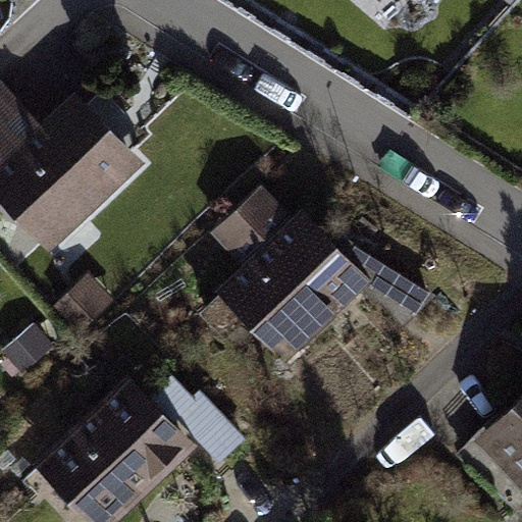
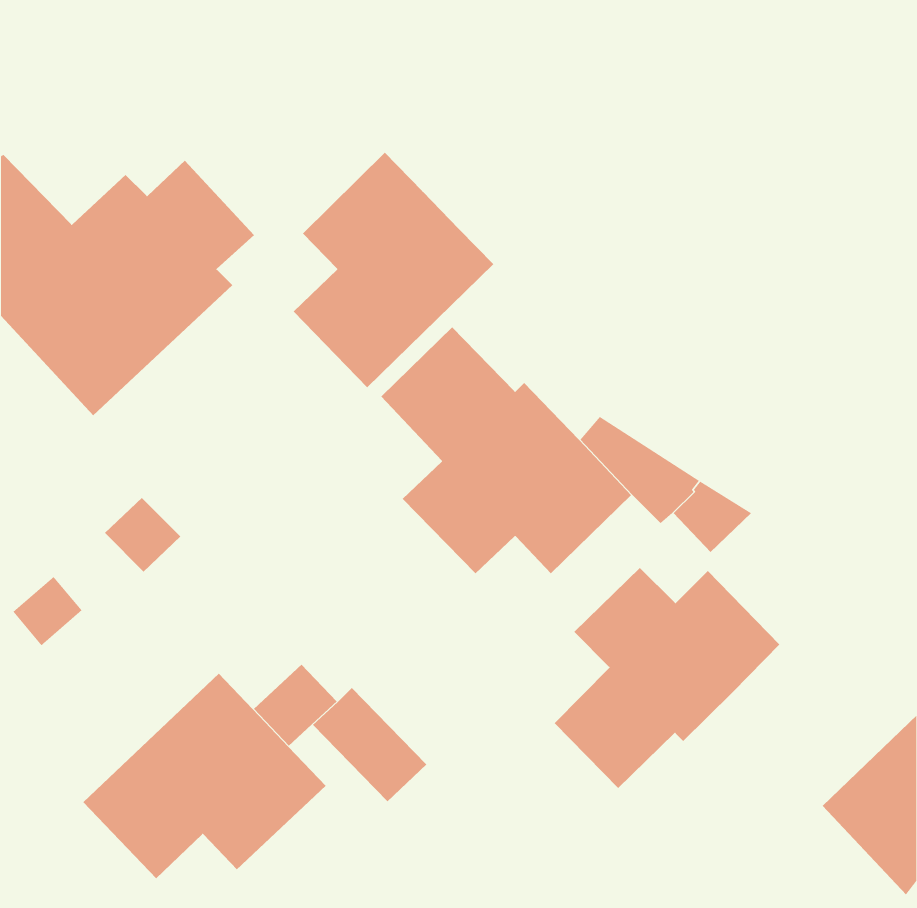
building: none -> [293,152,494,388]
building: none -> [554,567,780,789]

